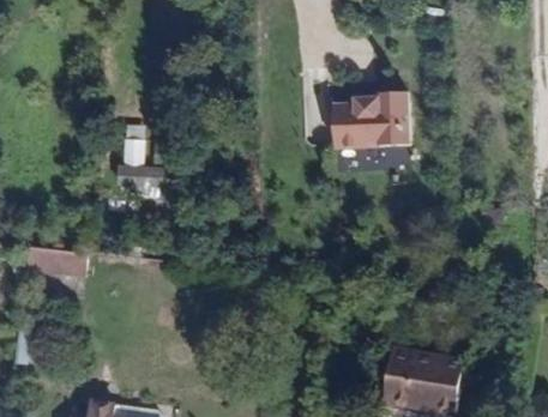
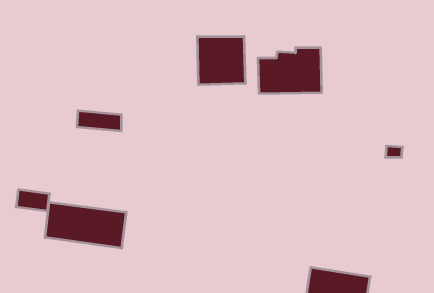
building: none -> [197,36,245,85]
building: none -> [45,202,126,248]

